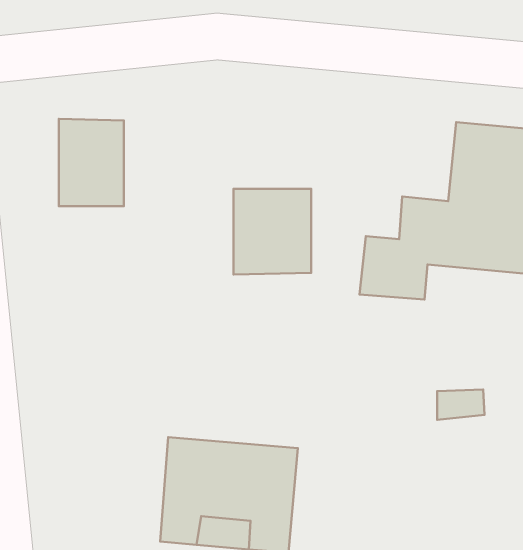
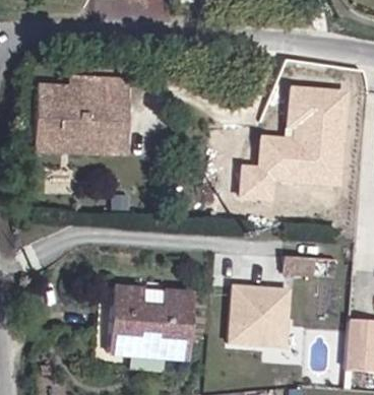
building: [234,189,311,274] -> [82,85,132,140]
building: none -> [229,281,295,345]

